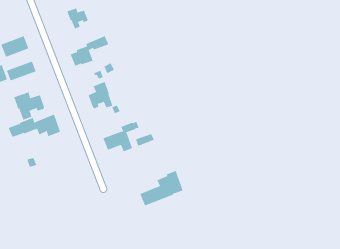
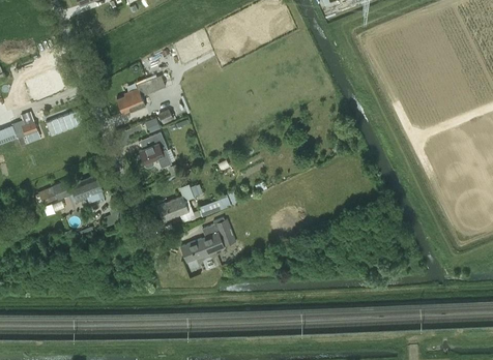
building: [67,7,88,29] -> none
building: [14,92,45,120] -> none
building: [139,170,184,206] -> [179,217,235,263]

